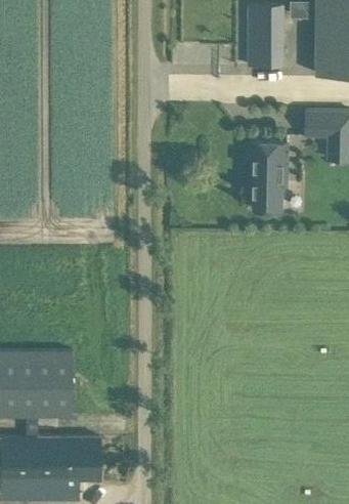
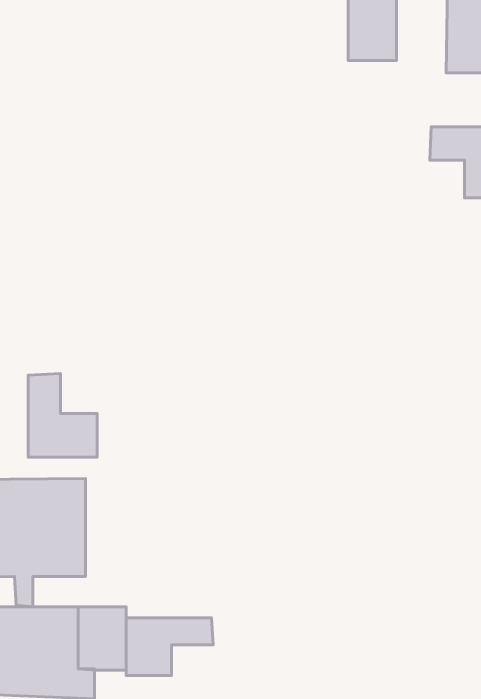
building: [251,142,289,212] -> none
building: none -> [28,373,97,457]
building: none -> [126,618,213,675]

